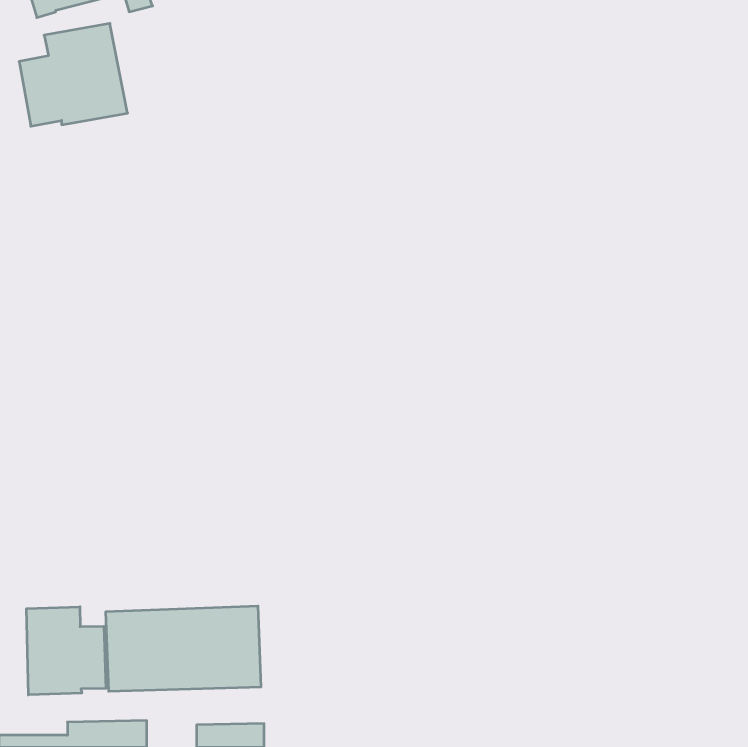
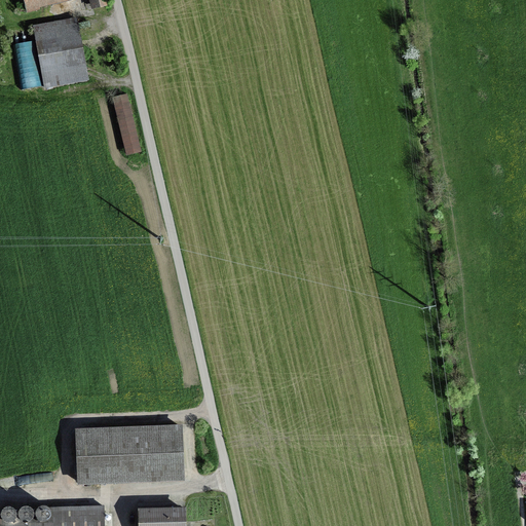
building: none -> [112,91,141,154]
building: [27,607,106,695] -> none

